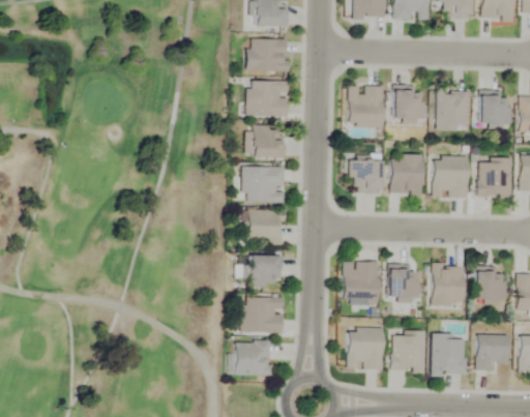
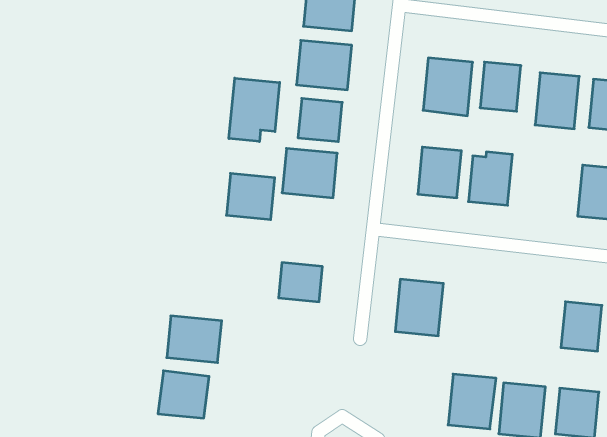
building: none -> [229,78,280,142]
building: [434,156,469,199] -> none
building: [248,211,284,244] -> [226,173,275,220]
building: [389,265,419,300] -> none
building: [433,265,465,306] -> none
building: [242,299,283,332] -> [167,316,222,363]
building: [349,328,384,370] -> none
building: [235,341,272,376] -> [158,371,209,418]

